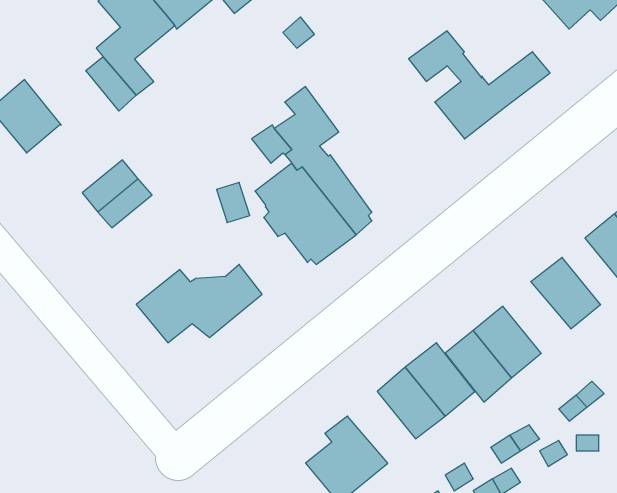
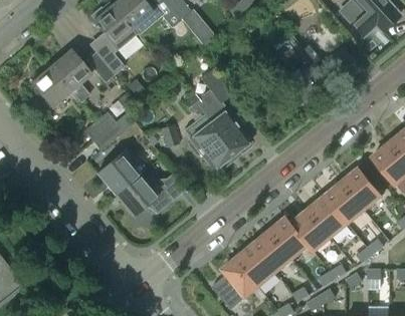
building: none -> [51,49,92,102]
building: none -> [97,152,147,195]
building: none -> [327,182,366,223]
building: none -> [237,245,276,286]

